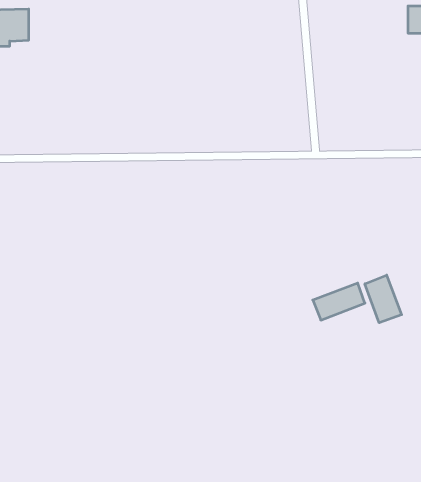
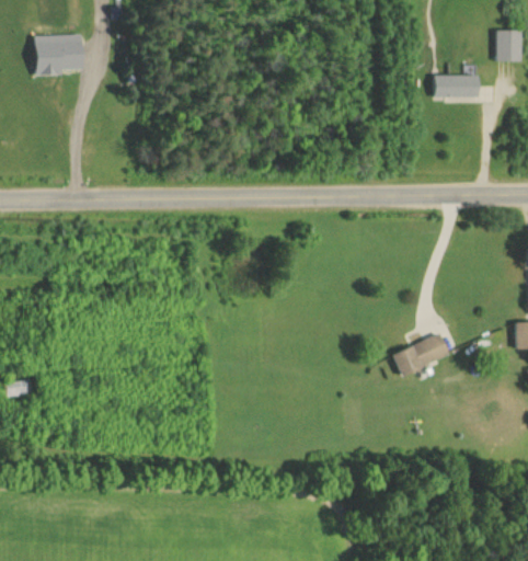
building: none -> [434,75,479,96]
building: [365,275,402,323] -> none

